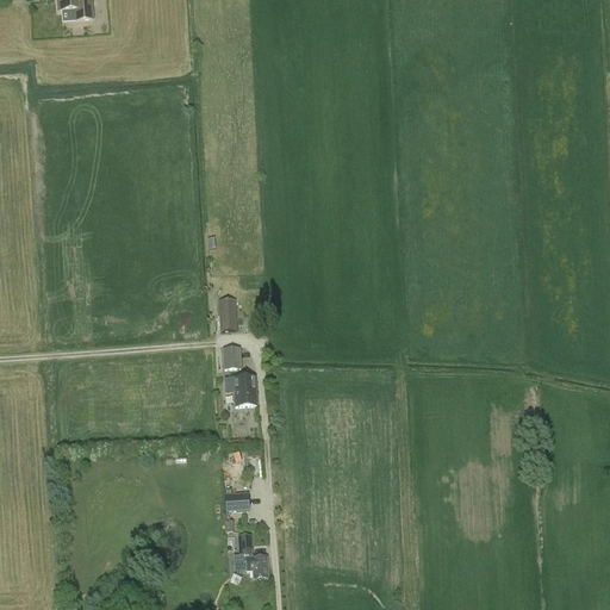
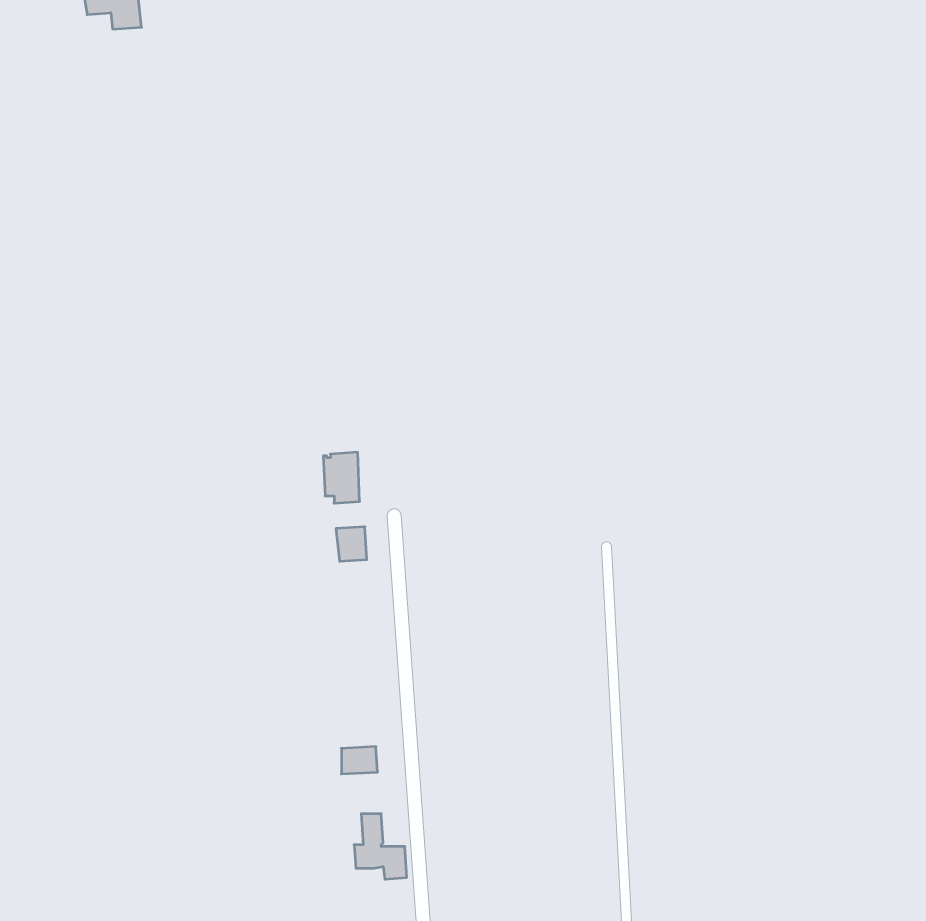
building: [224,375,255,405] -> none

